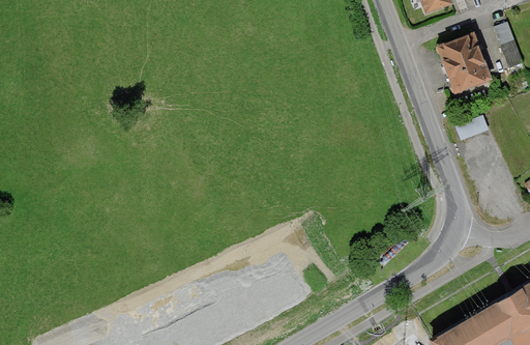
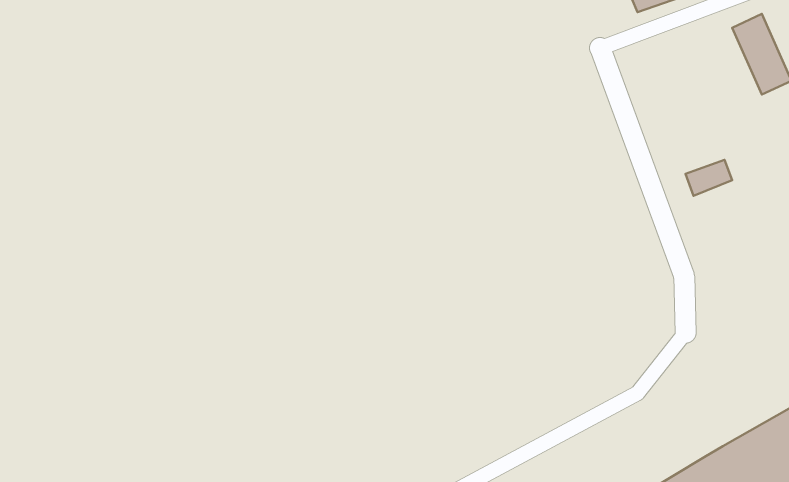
building: [435,32,493,97] -> none

